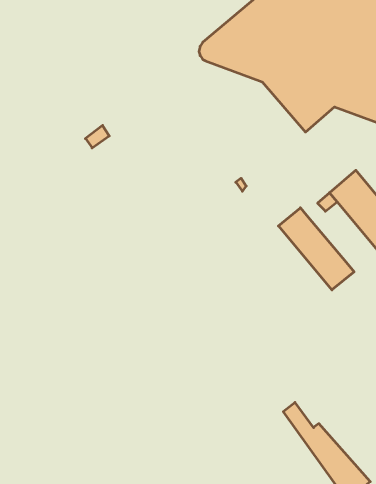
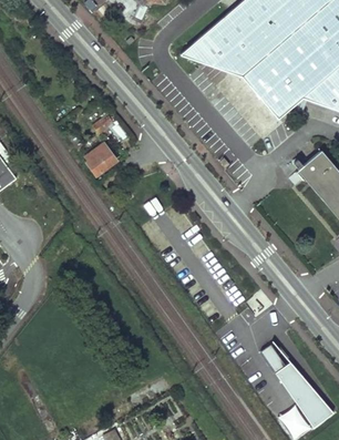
building: none -> [85,142,116,175]
building: [278,208,354,290] -> none

